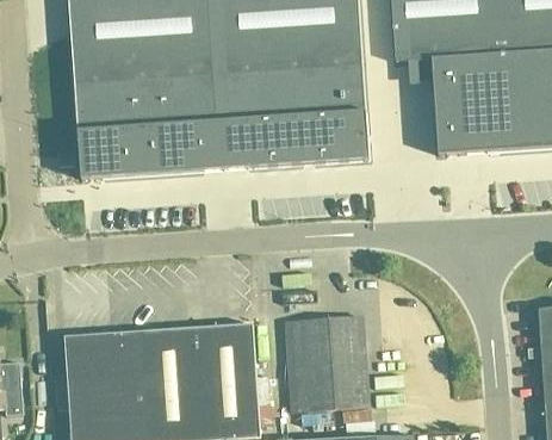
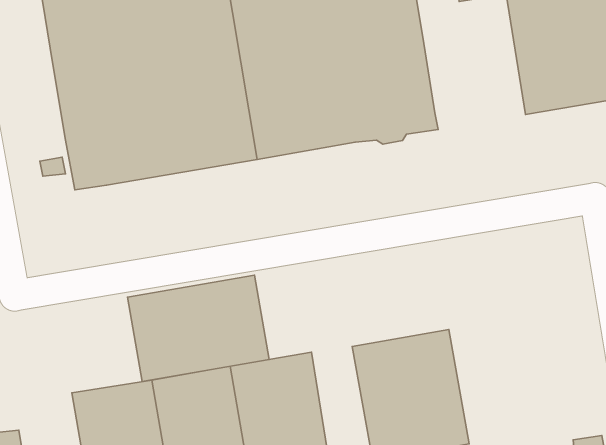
building: none -> [127,275,269,381]

